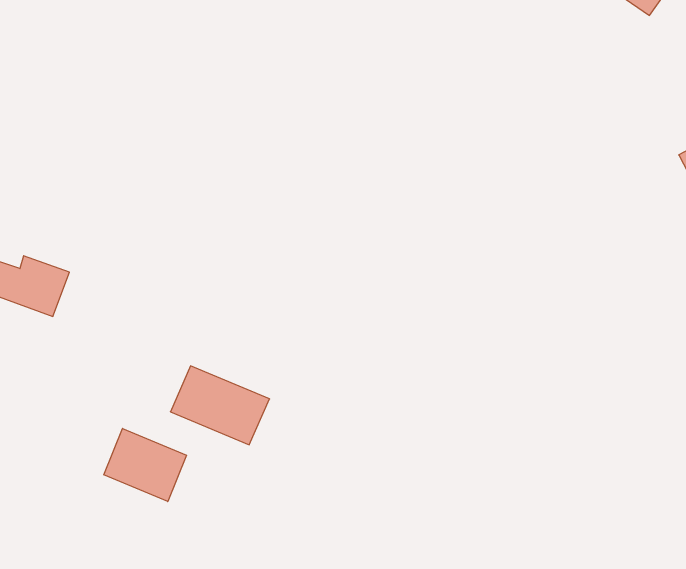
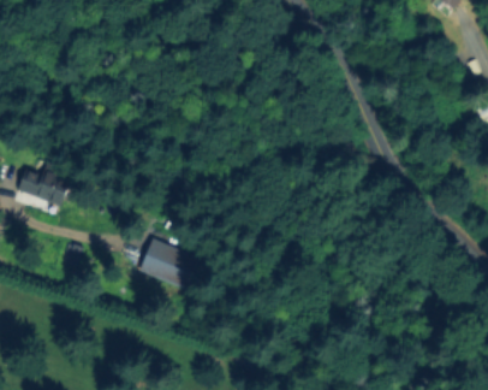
building: [104,428,186,502] -> none

